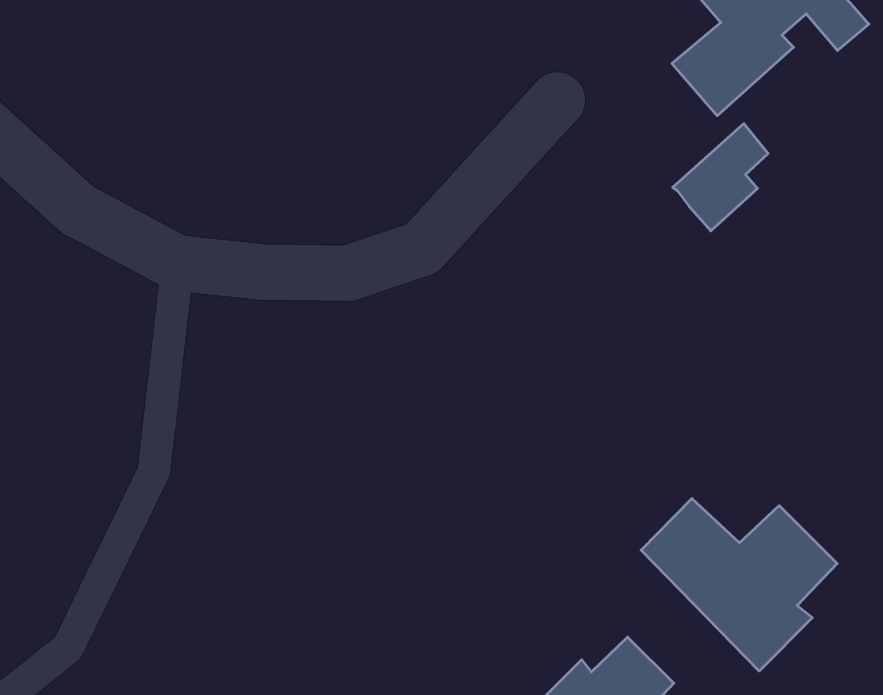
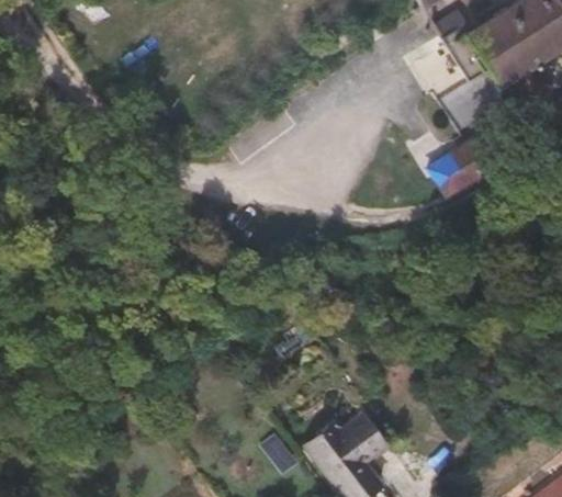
building: [641,498,837,671] -> none

